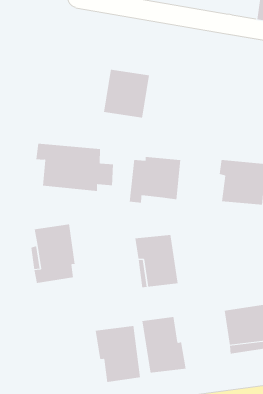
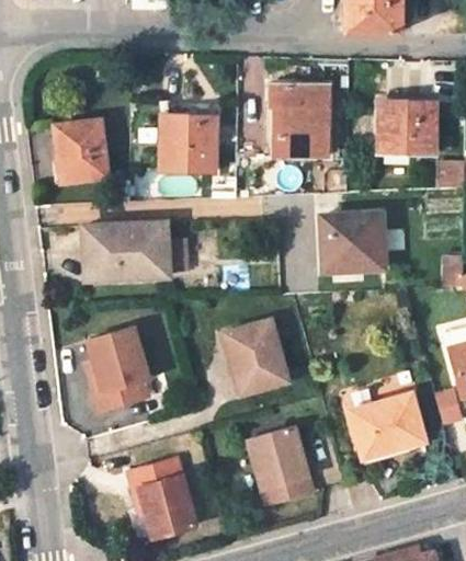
building: none -> [266,80,329,153]
building: none -> [55,118,109,184]
building: [129,156,181,204] -> none
building: [95,325,141,382] -> [127,459,195,538]

